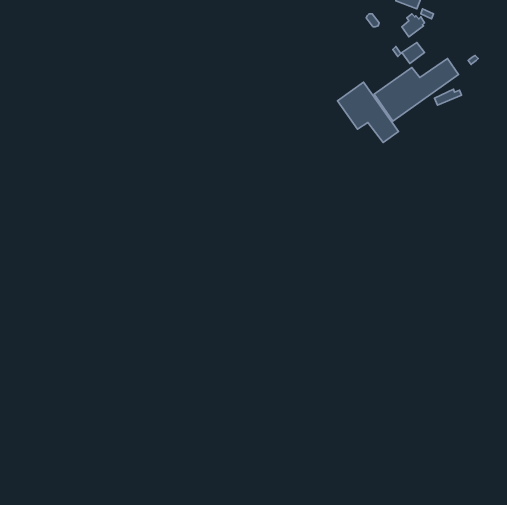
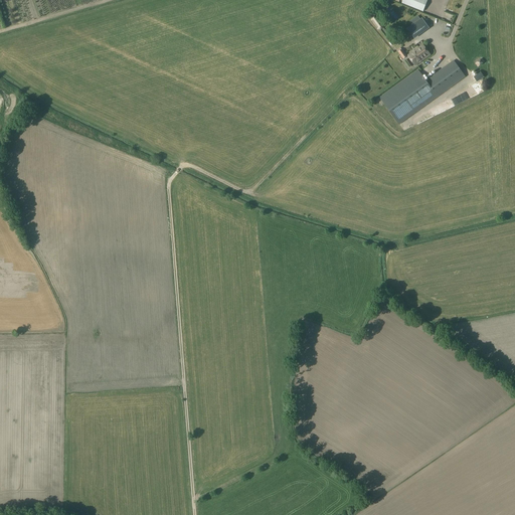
building: [337,82,398,143] -> none

